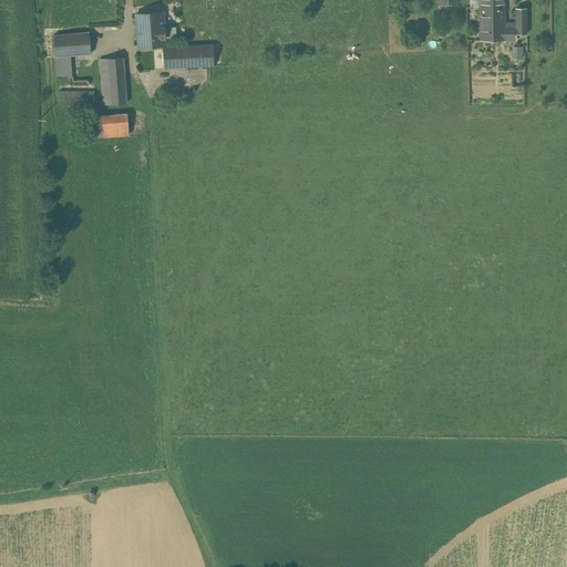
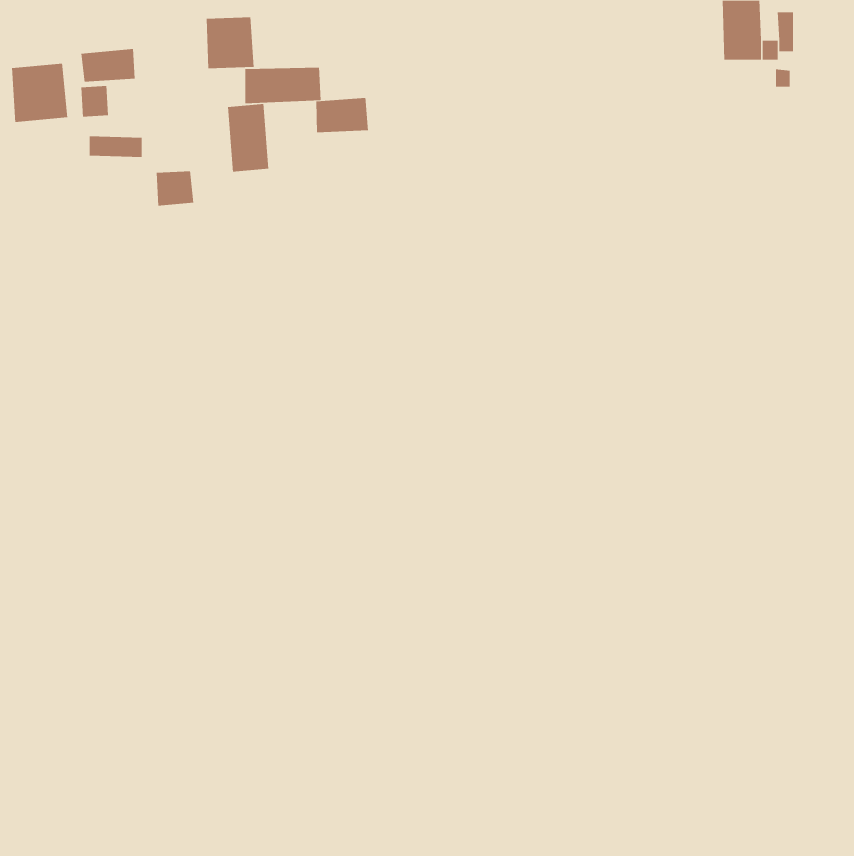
building: none -> [11,63,68,123]
building: [99,58,126,103] -> [227,103,269,172]
building: none -> [316,97,369,133]

